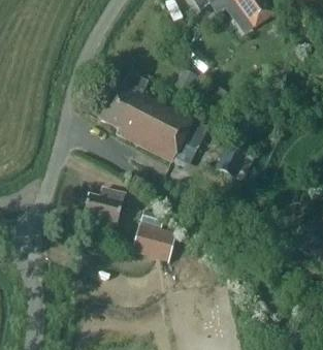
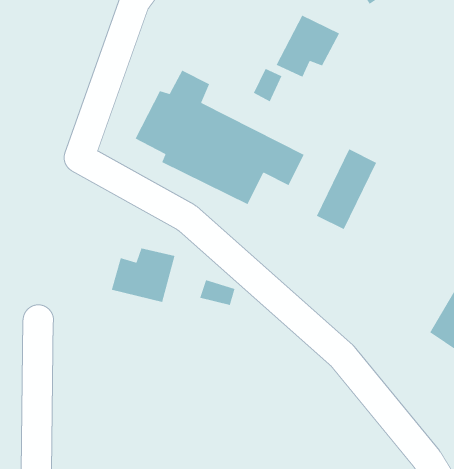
building: none -> [276,15,340,78]
building: [133,223,175,257] -> none

